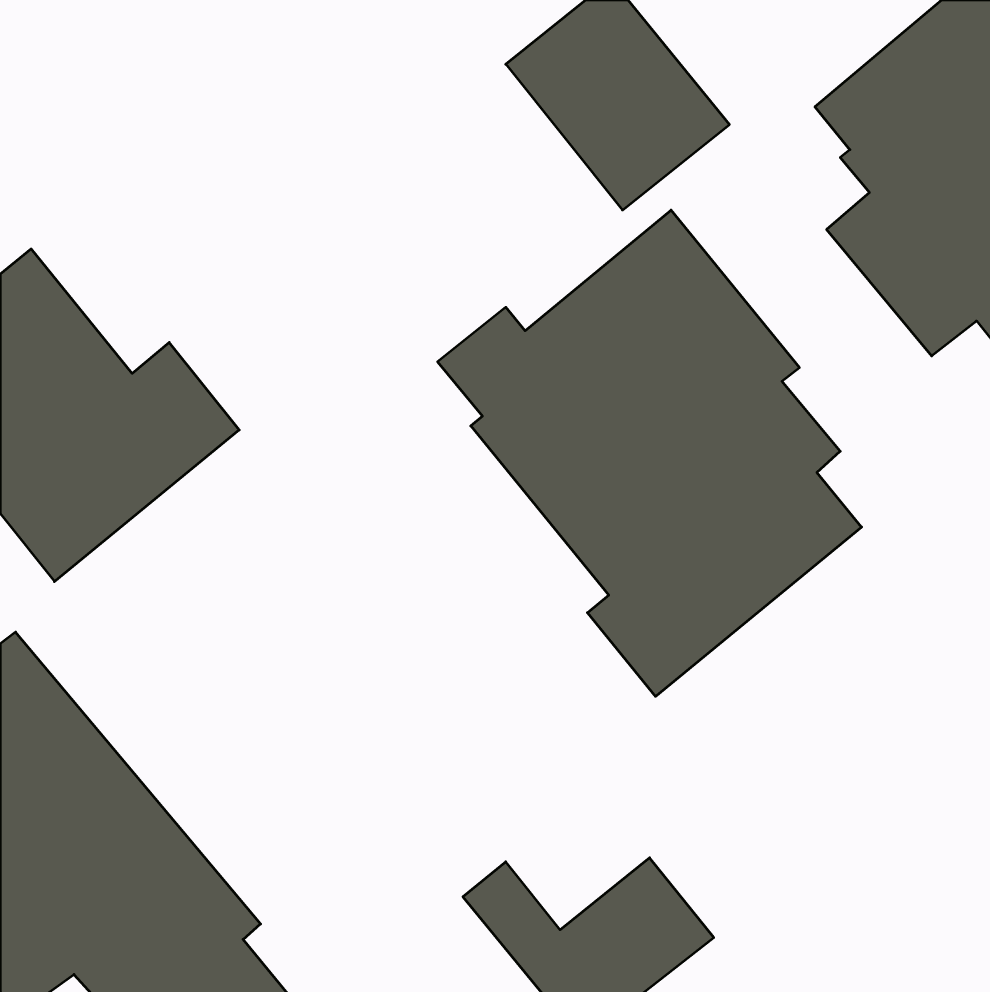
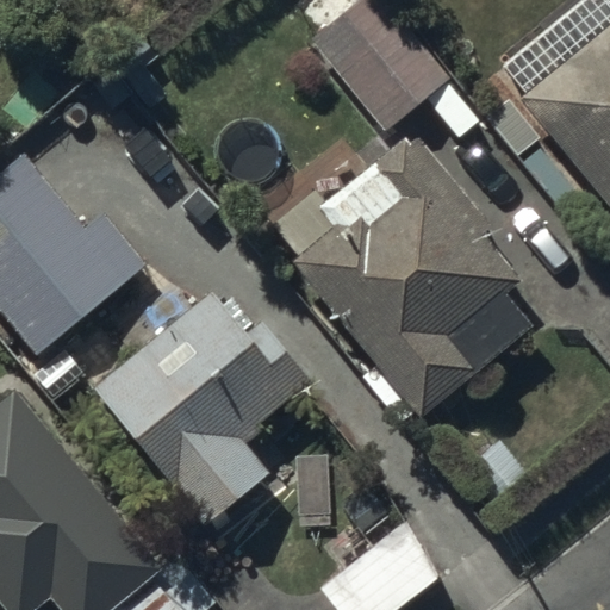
building: none -> [92,293,309,527]

